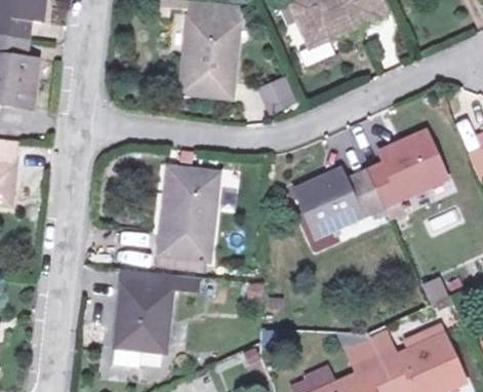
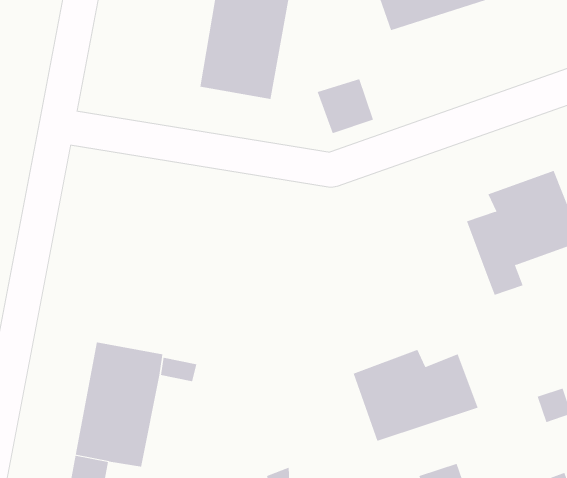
building: [295,168,383,233] -> [353,349,479,441]
building: [161,169,220,270] -> none

